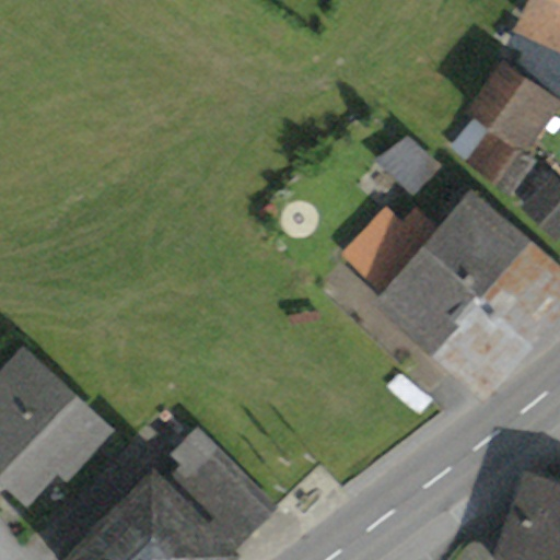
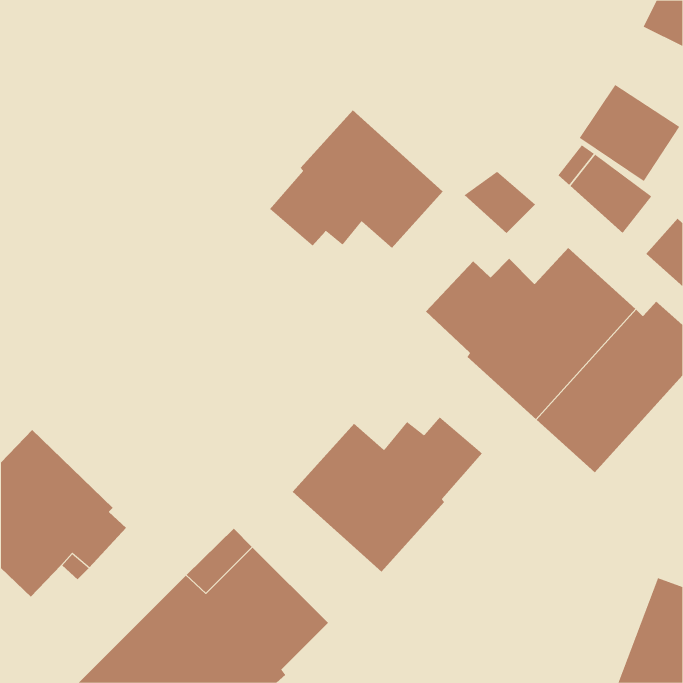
building: none -> [269,109,444,249]
building: none -> [292,417,483,573]

